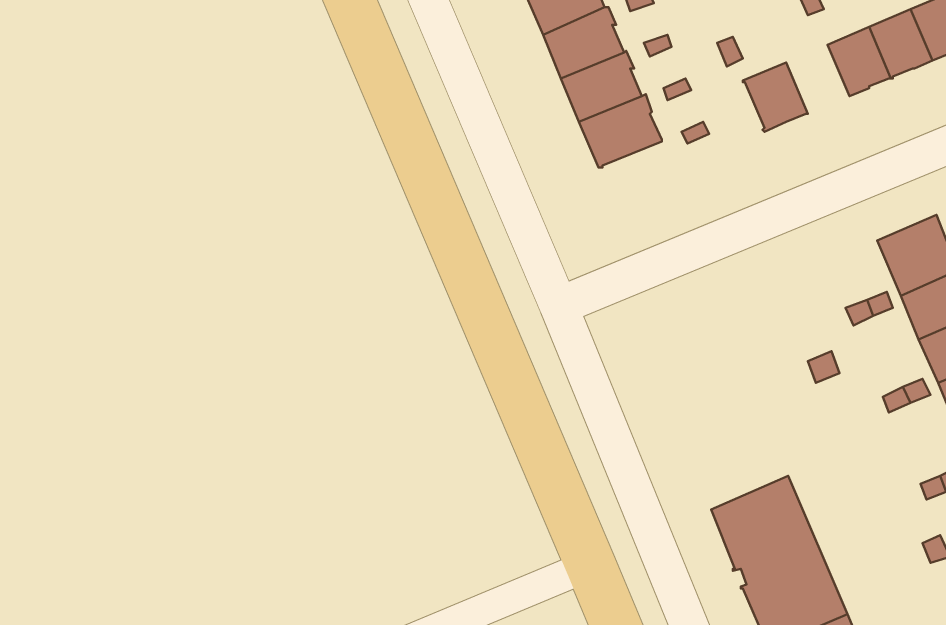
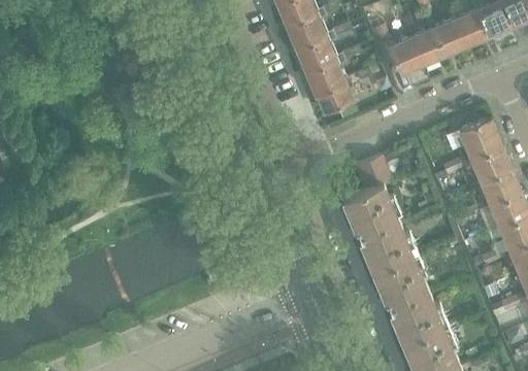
building: none -> [411,30,444,66]
building: none -> [316,79,353,113]
building: none -> [341,156,412,272]

